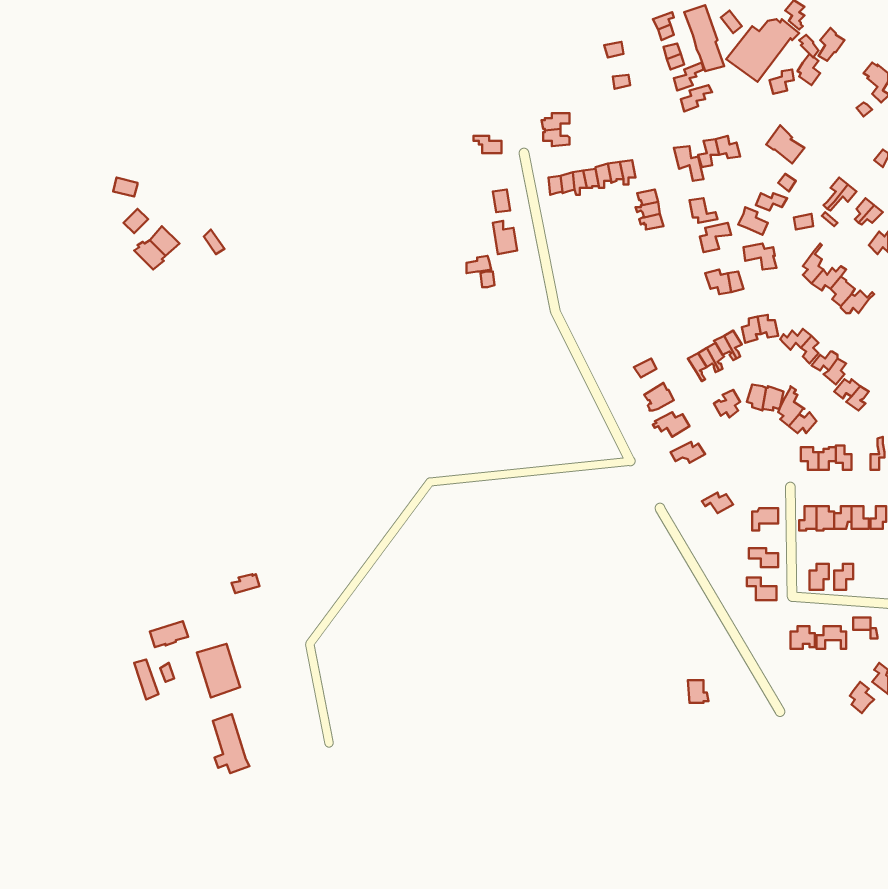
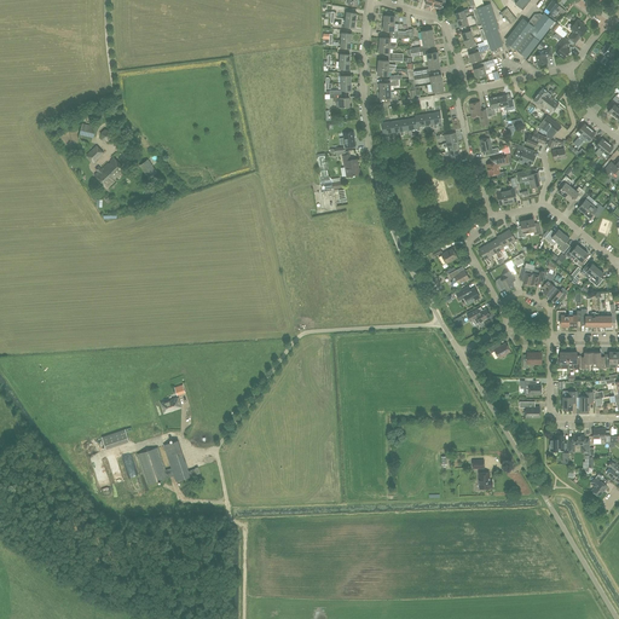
building: [213,714,249,773] -> [163,440,189,481]

